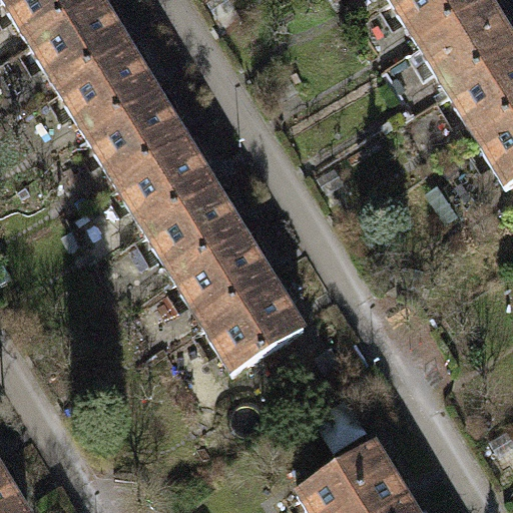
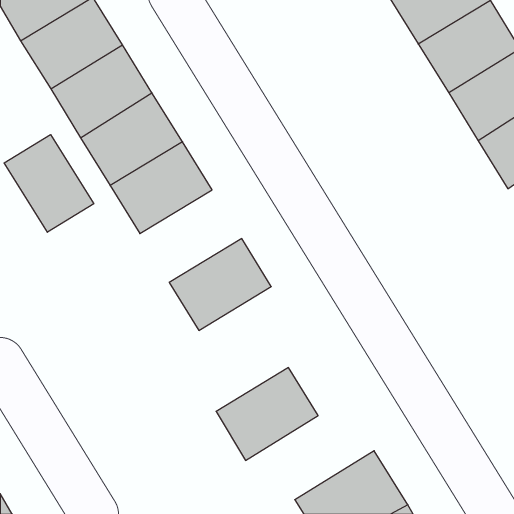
building: none -> [4,135,94,232]
building: [144,186,244,278] -> none
building: [202,282,303,373] -> [216,368,318,460]

